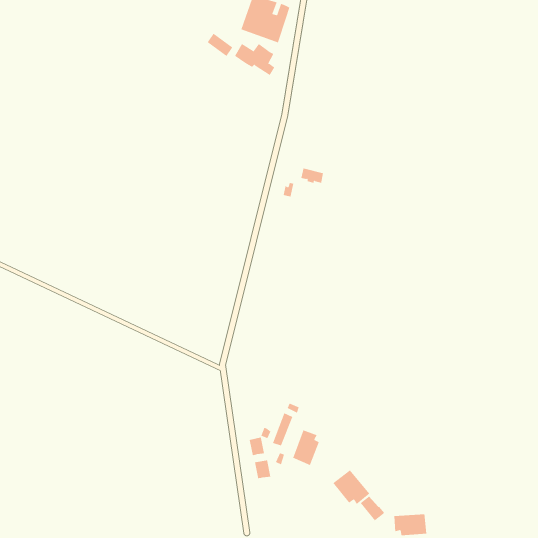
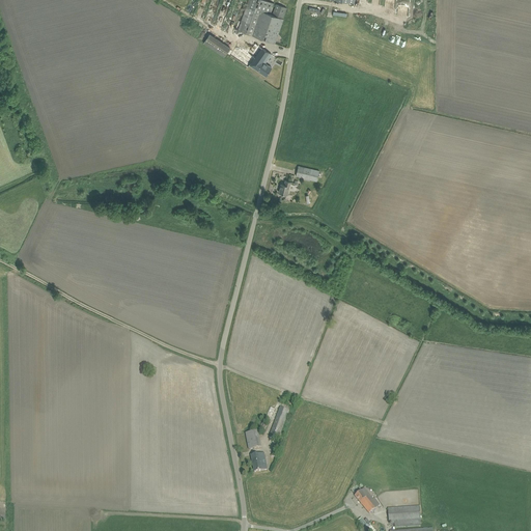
building: [292,429,320,466] -> none
building: [333,469,370,505] -> none

